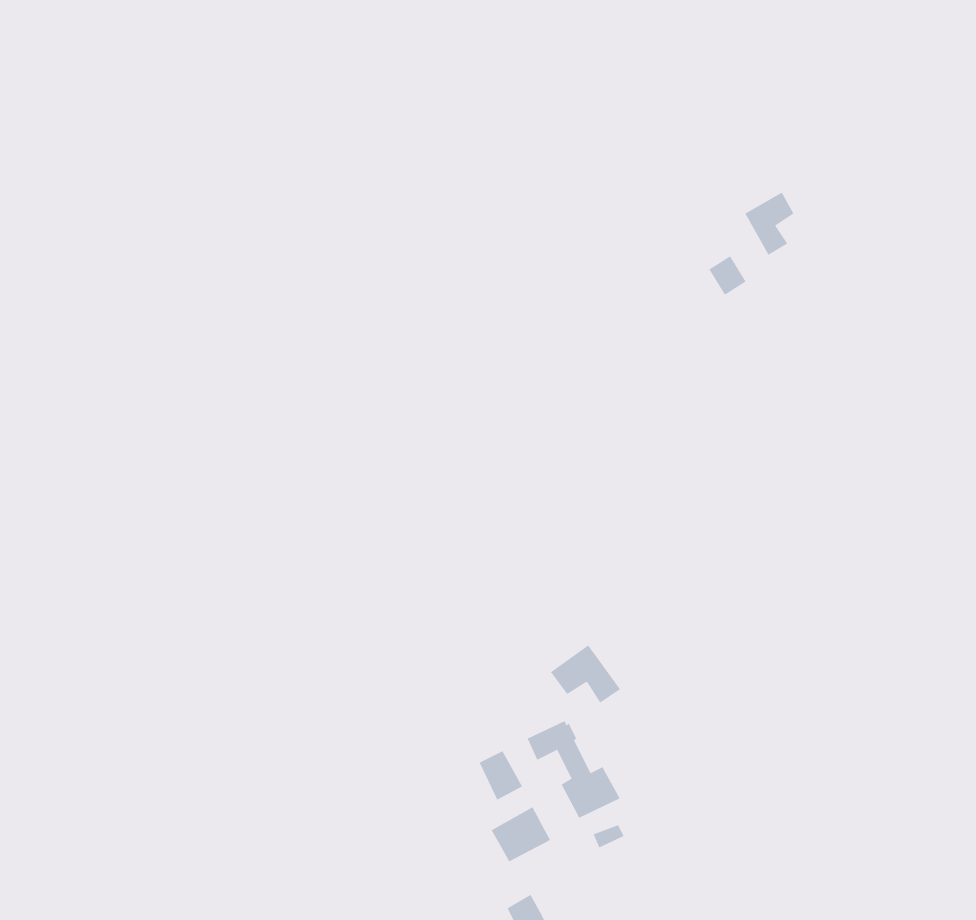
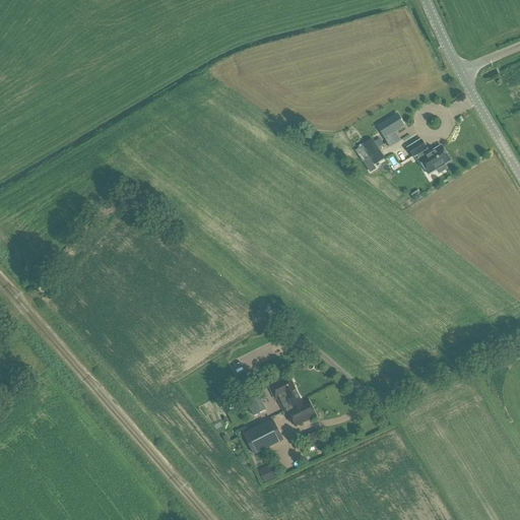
building: none -> [407,140,449,175]
building: [550,645,621,704] -> none

